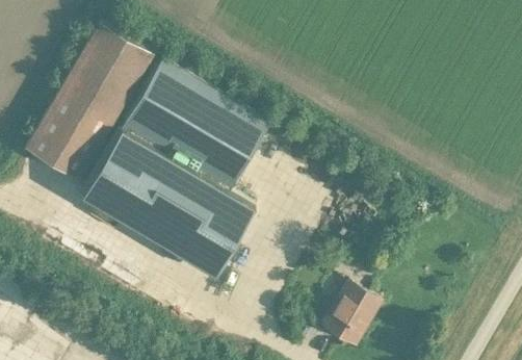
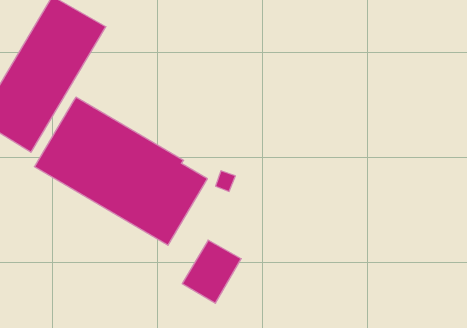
building: [123,59,269,188] -> none
building: [321,283,381,346] -> [182,240,241,303]

